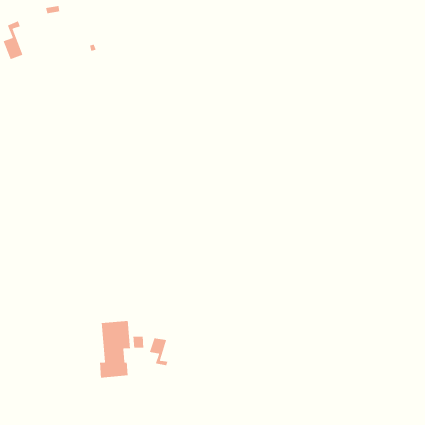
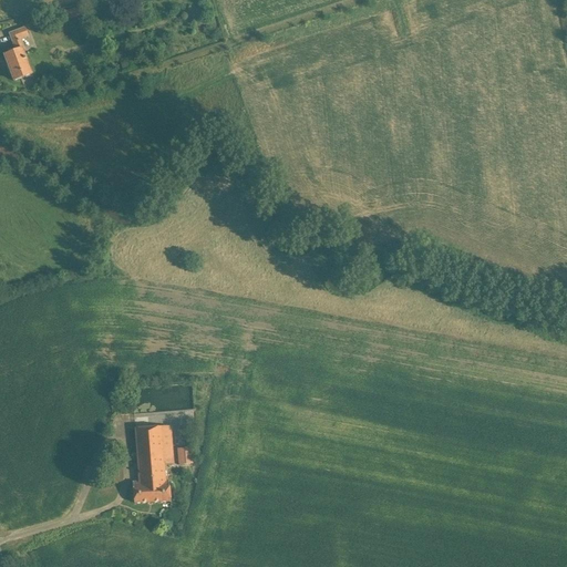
building: [149,337,168,366] -> none

